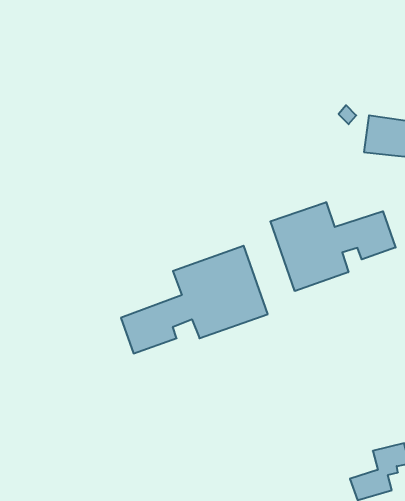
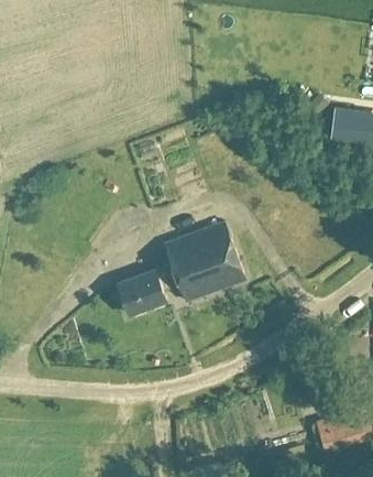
building: [270,202,396,291] -> none

